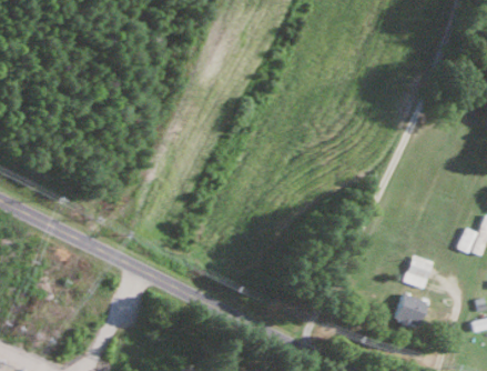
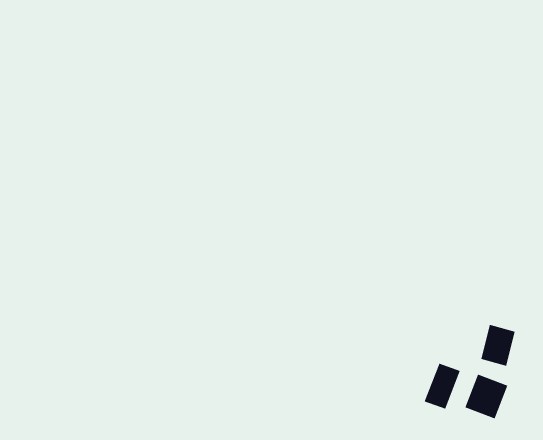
building: none -> [424,363,461,409]

